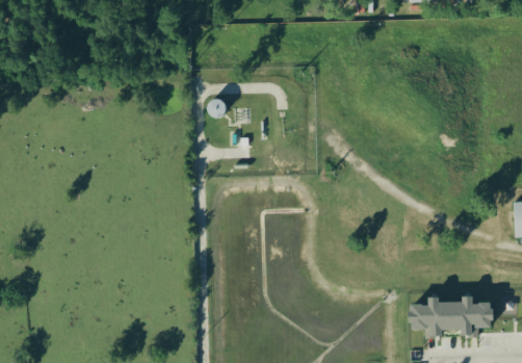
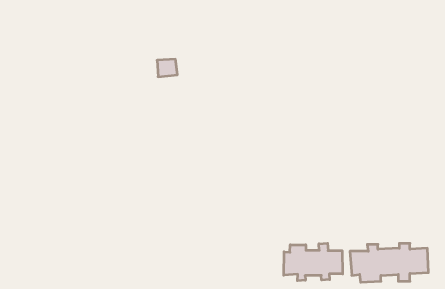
building: none -> [284,243,343,281]

